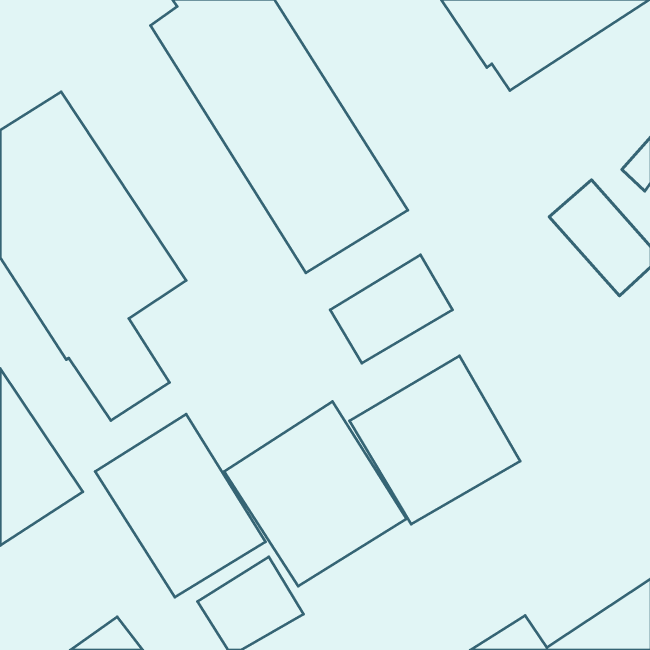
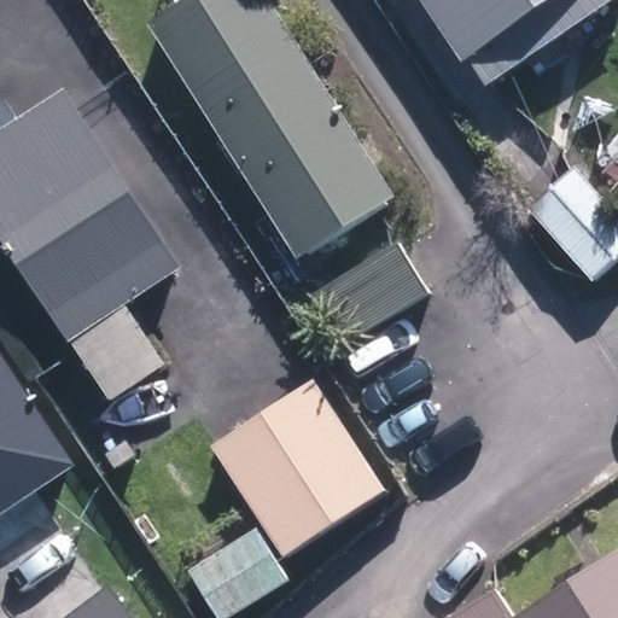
building: [349,356,520,524] -> none
building: [95,414,265,597] -> none

